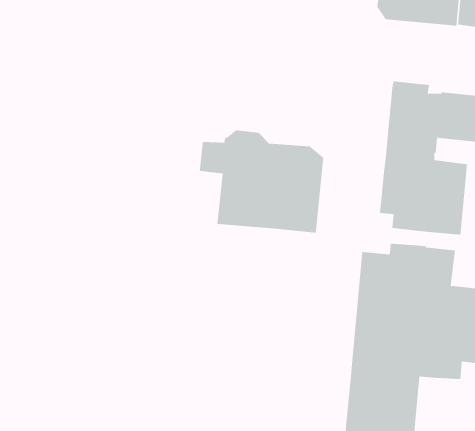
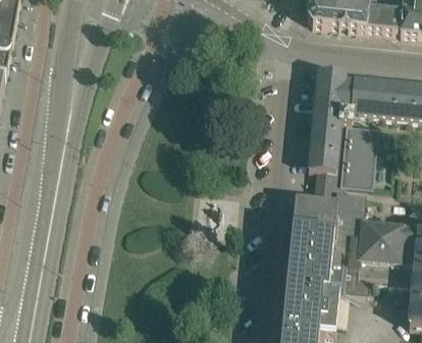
building: [199,130,324,233] -> none

